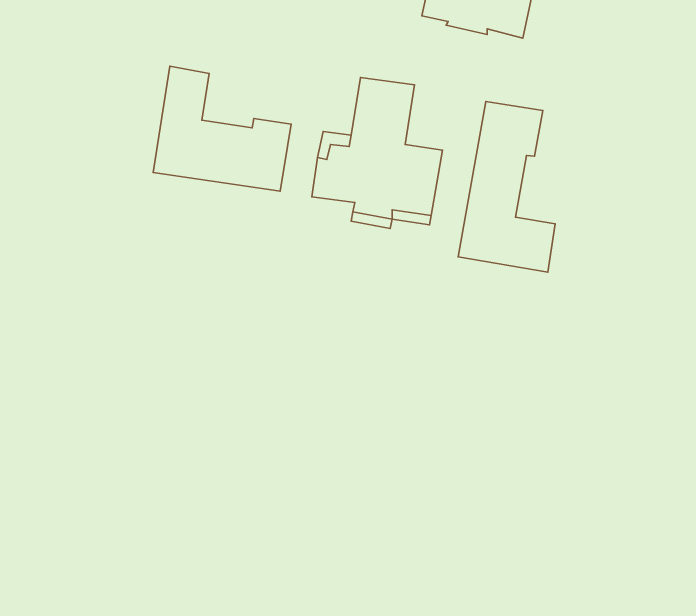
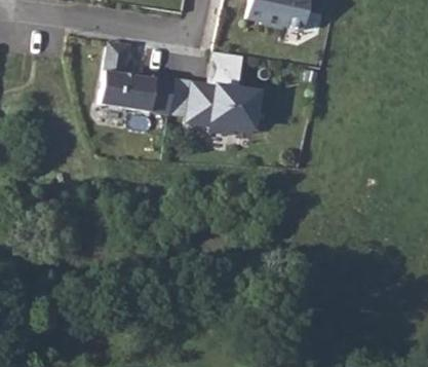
building: [458,102,555,272] -> none

